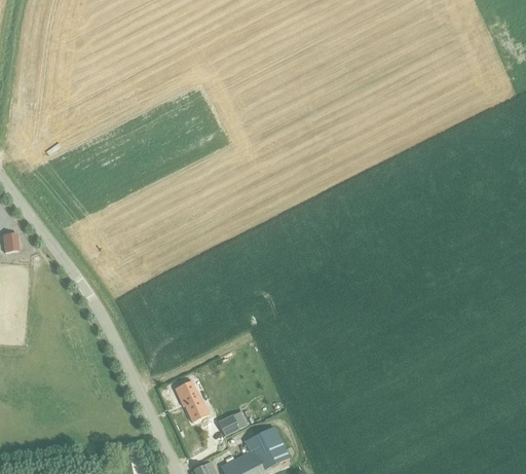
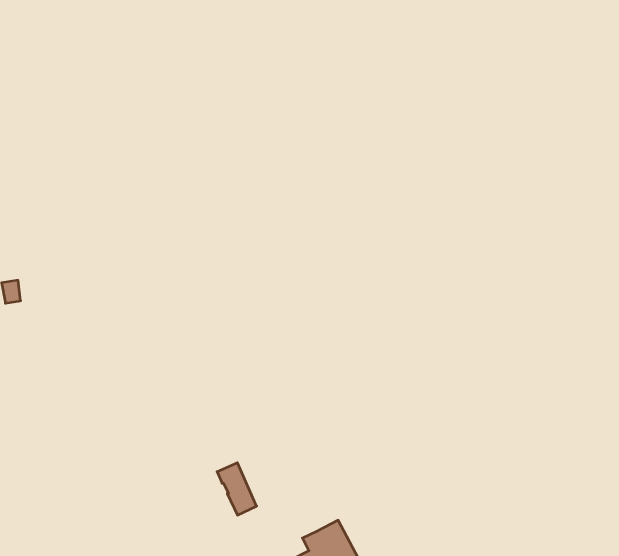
building: [218,410,248,436] -> none

